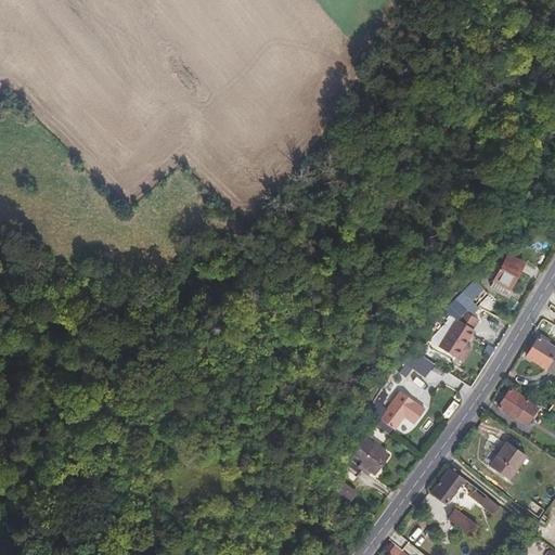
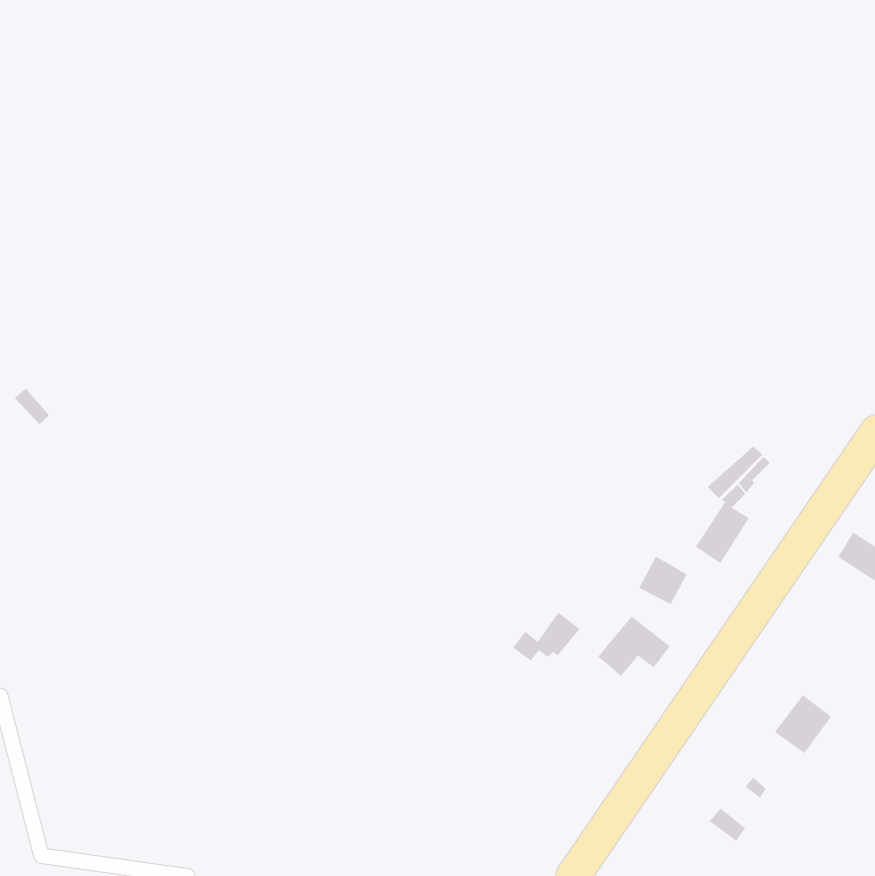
building: [493,254,524,289] -> none
building: [500,390,540,425] -> none
building: [345,443,388,475] -> [512,612,581,661]
building: [431,467,465,503] -> none

